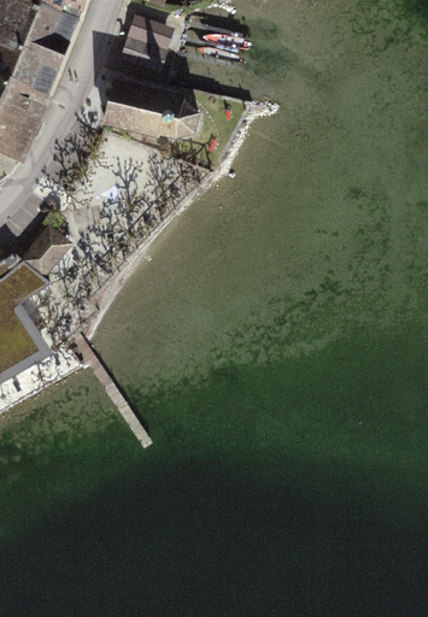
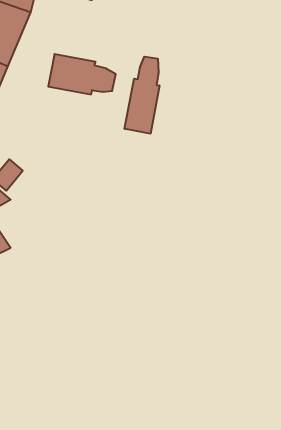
building: [117,14,174,71] -> none
building: none -> [125,57,159,134]

